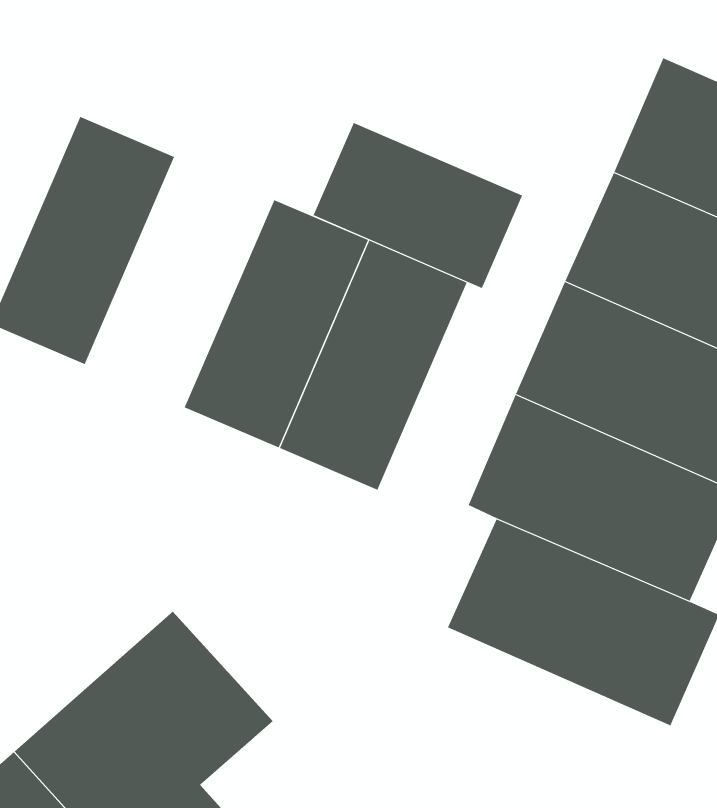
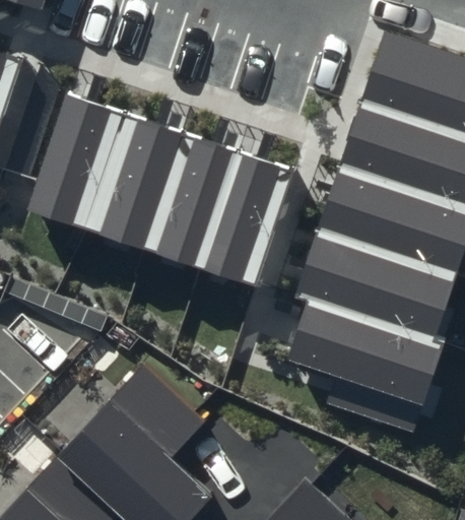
building: [313,122,523,289] -> none
building: none -> [83,113,181,252]

